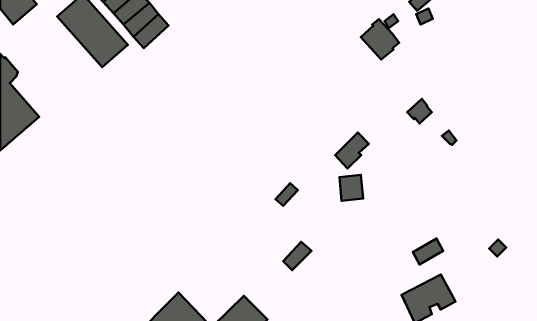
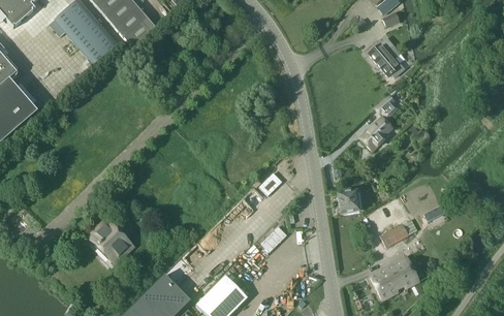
building: [361,19,399,60] -> [370,37,405,74]
building: [335,132,369,169] -> [360,117,391,150]
building: [339,175,363,201] -> [338,189,359,213]
building: none -> [89,222,132,256]

